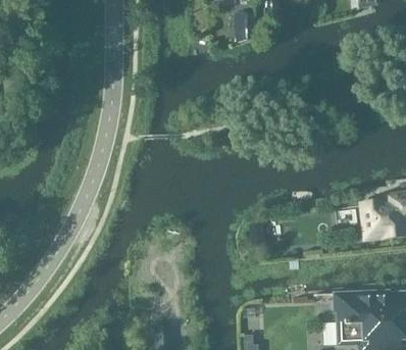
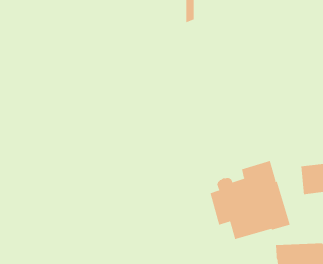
building: none -> [210,160,290,240]

